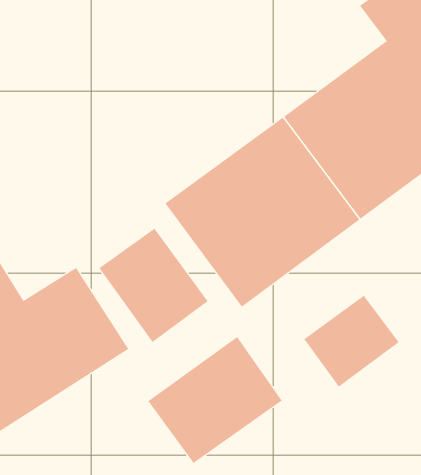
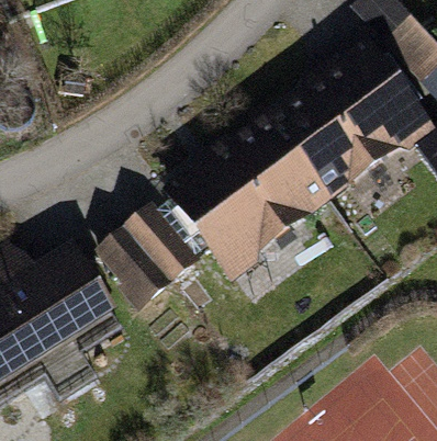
building: [303,295,400,387] -> none
building: [148,336,283,464] -> none

